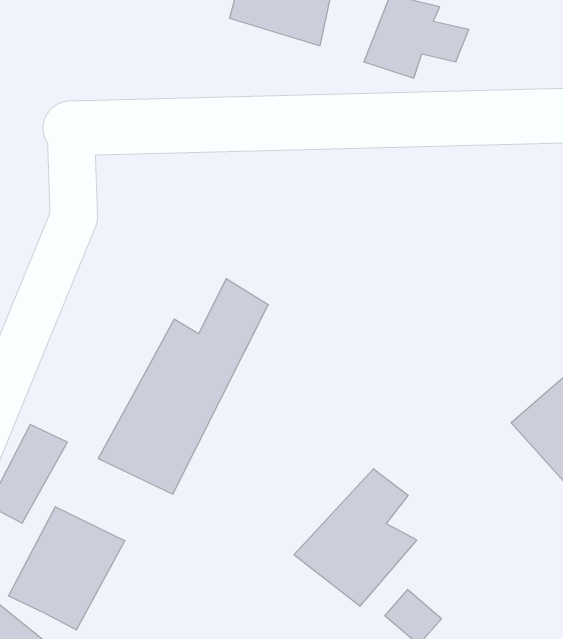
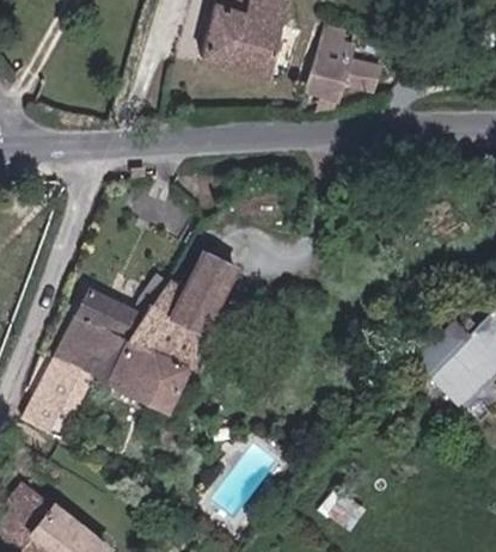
building: [294,469,417,606] -> none
building: [8,507,125,630] -> [57,293,143,384]

